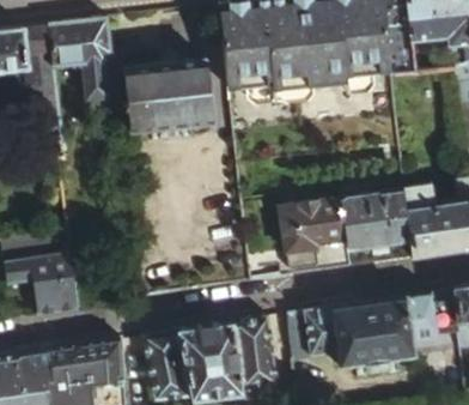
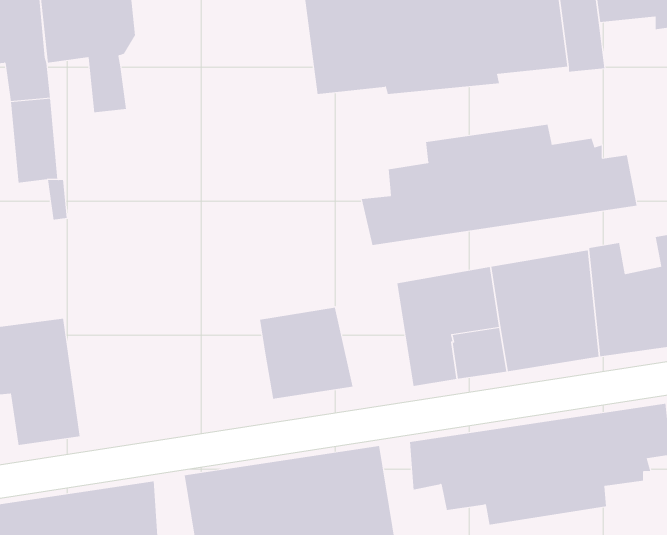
building: [127,60,215,131] -> none
building: none -> [361,124,637,246]
building: none -> [259,307,353,400]

